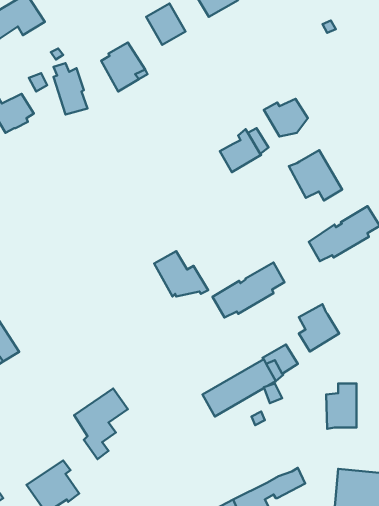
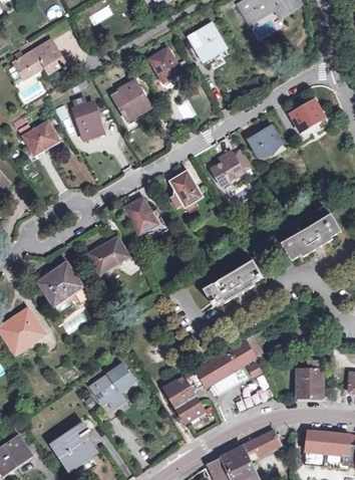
building: none -> [290,98,324,129]
building: [289,150,342,200] -> none
building: none -> [167,171,203,206]
building: none -> [89,237,127,271]
building: [154,251,208,296] -> [124,197,168,234]
building: none -> [39,262,89,303]
building: [299,304,339,351] -> none
building: none -> [164,369,205,421]

